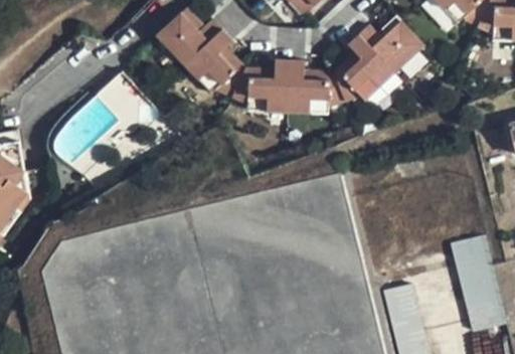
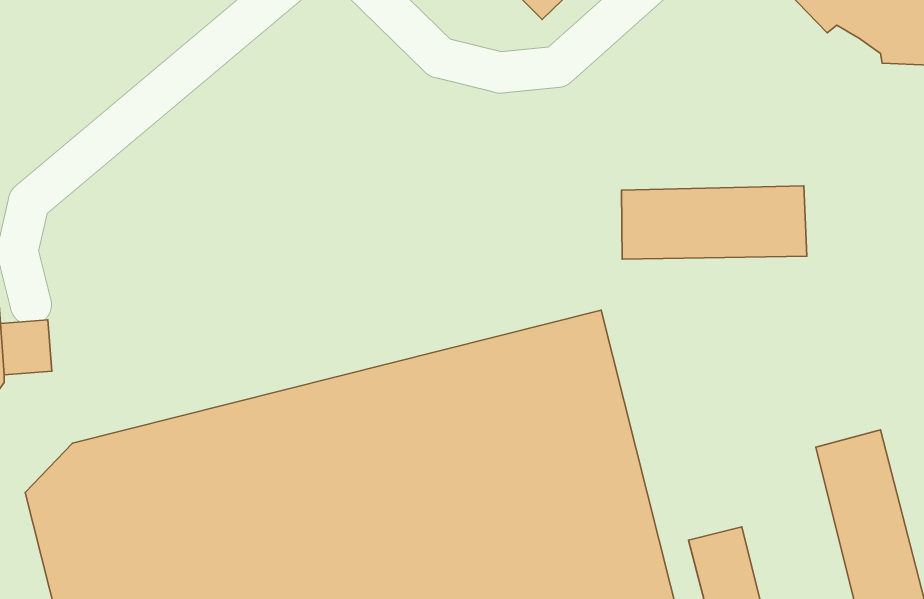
building: [163,17,407,122] -> none
building: none -> [622,186,807,259]

